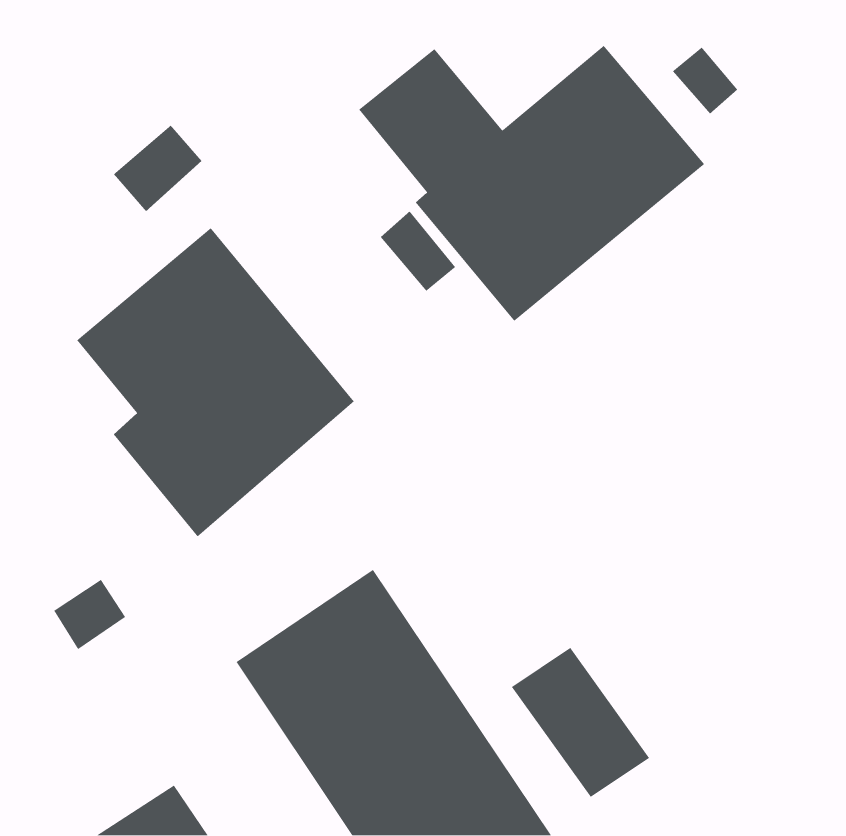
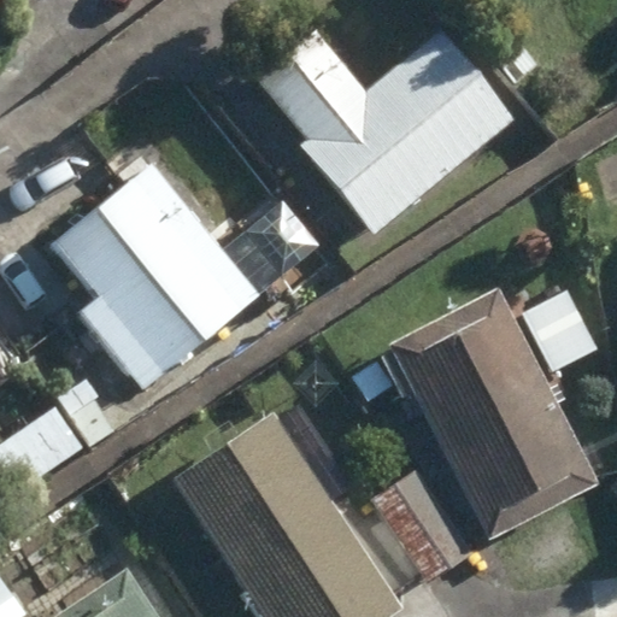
building: none -> [389,287,599,539]

